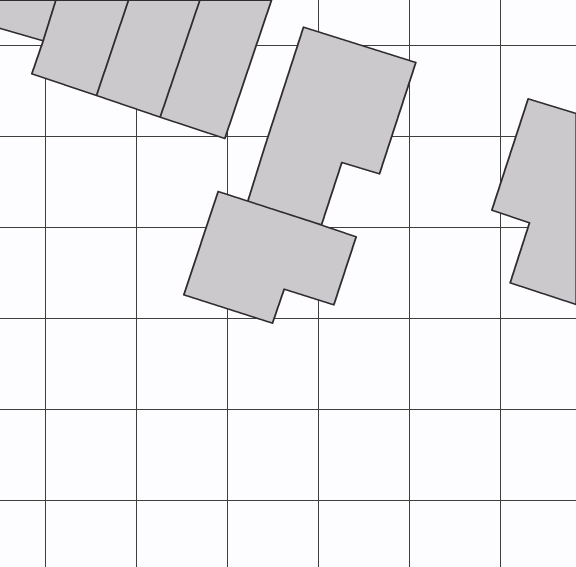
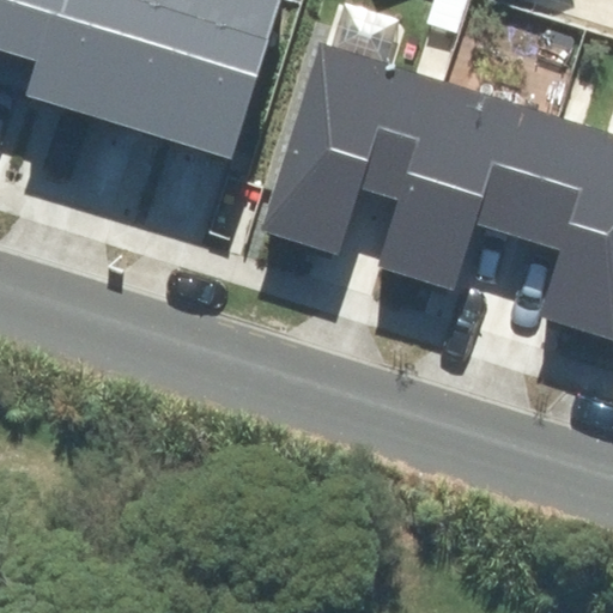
building: none -> [380,80,557,286]
building: [184,192,356,323] -> none

